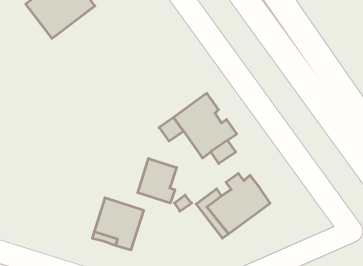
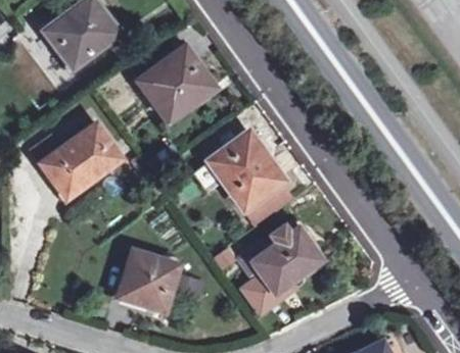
building: none -> [142,48,212,113]
building: none -> [34,124,121,198]
building: [138,158,177,203] -> none

